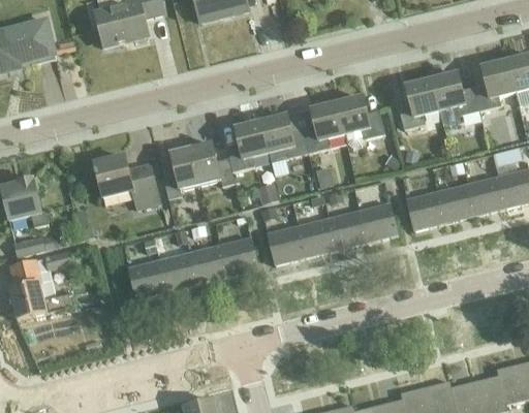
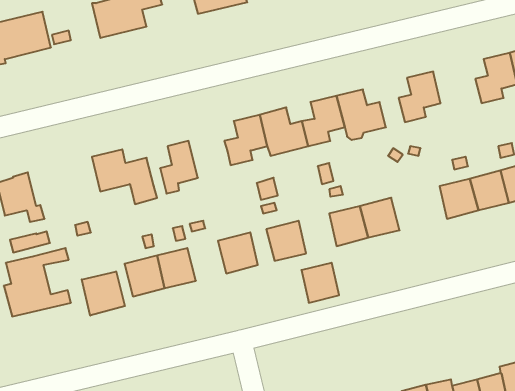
building: [431,72,478,122] -> none
building: [190,141,235,185] -> none
building: [405,191,444,230] -> none
building: [299,218,336,257] -> [301,263,339,303]
building: [189,245,227,284] -> none
building: none -> [82,271,125,316]

